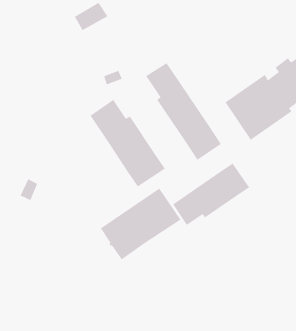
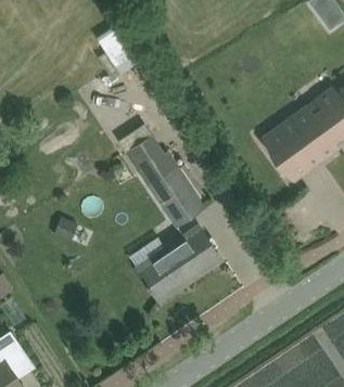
building: [145,62,222,161] -> none
building: [172,163,250,226] -> none

